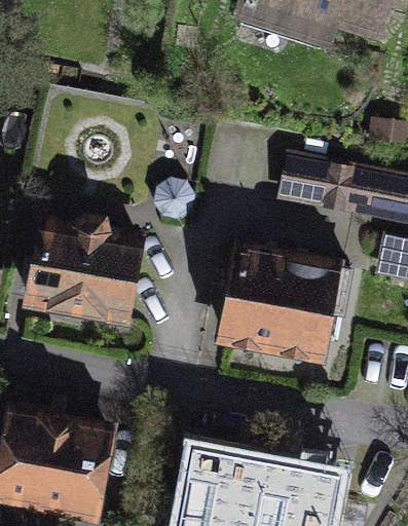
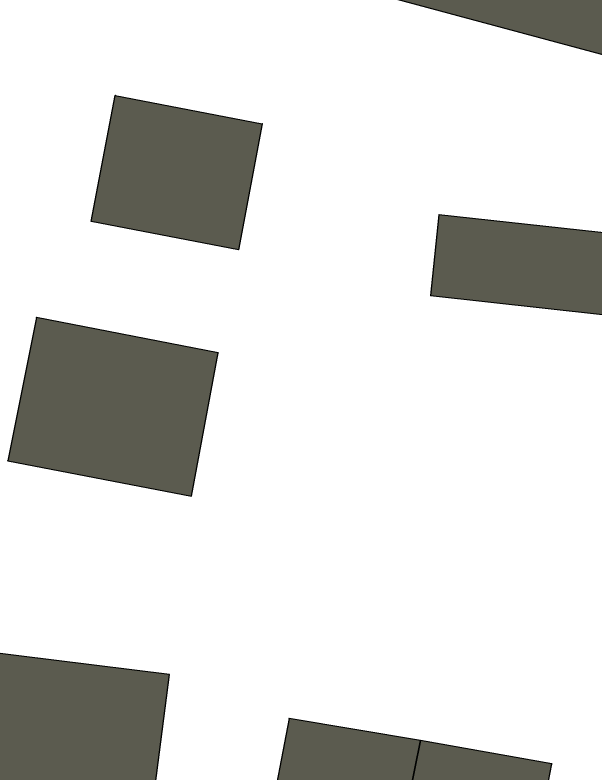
building: none -> [91,95,262,250]
building: [215,243,349,365] -> none

